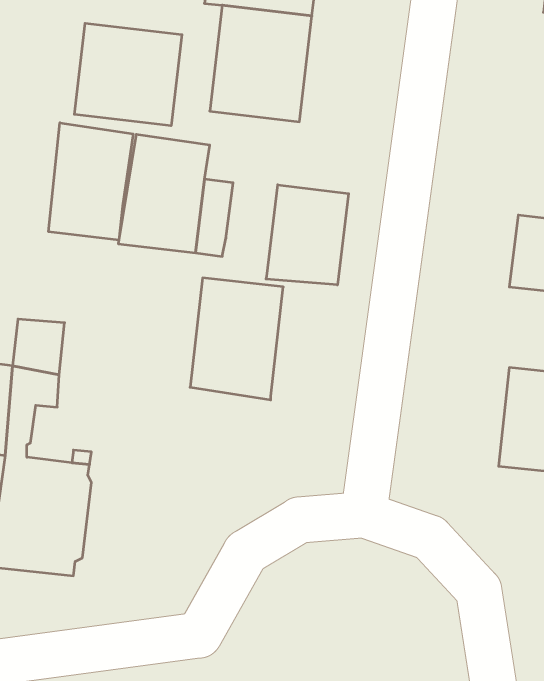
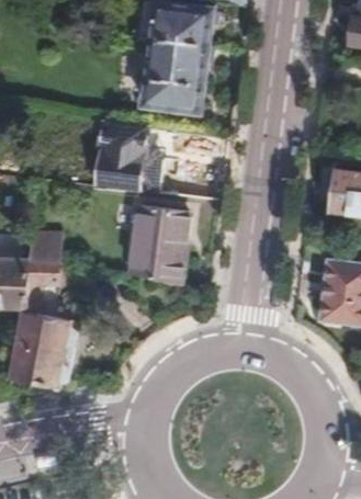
building: [74,23,182,126] -> none
building: [49,123,133,240] -> none
building: [266,185,349,285] -> none

